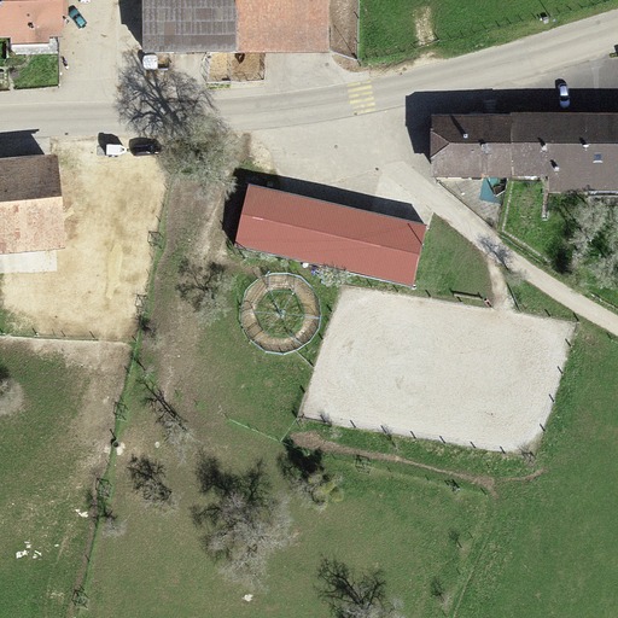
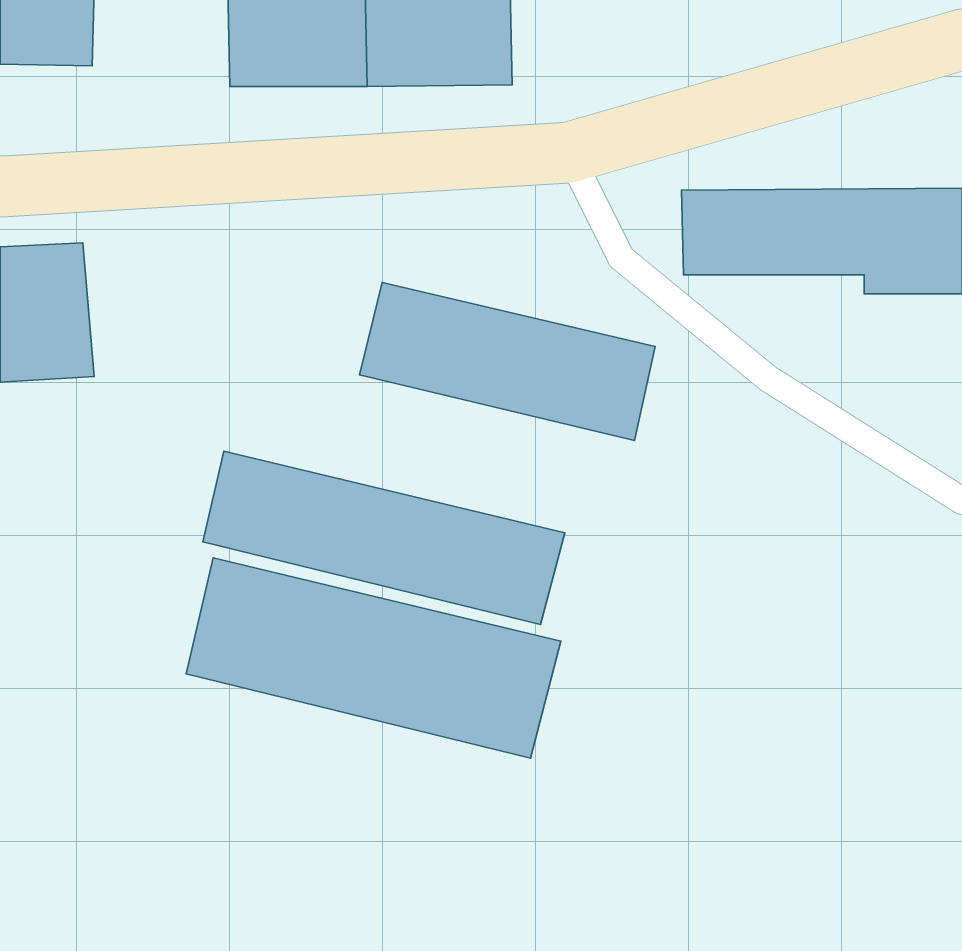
building: none -> [203,451,565,624]
building: none -> [186,558,561,758]

